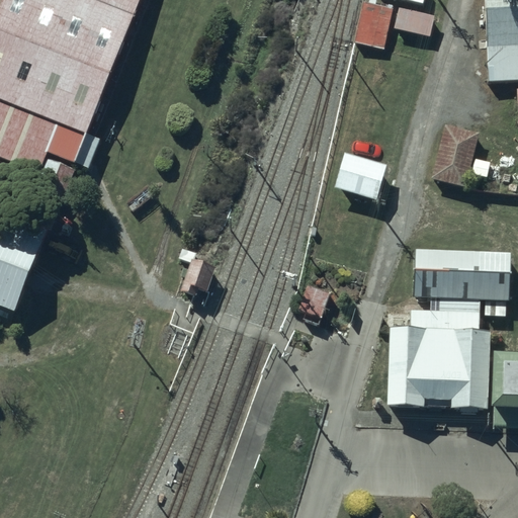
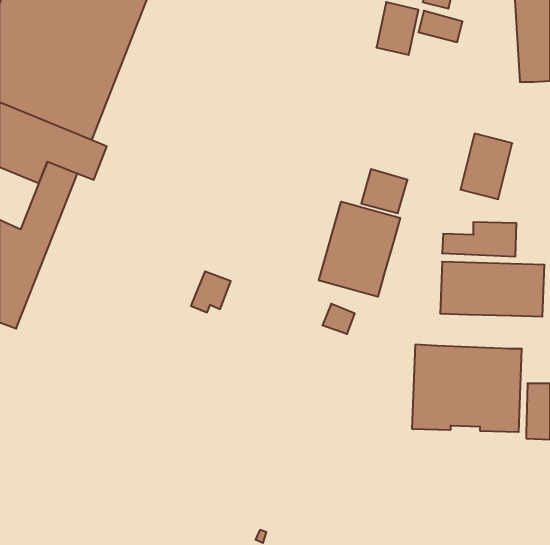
building: none -> [319,202,400,297]
building: [410,295,480,328] -> [442,222,516,257]

